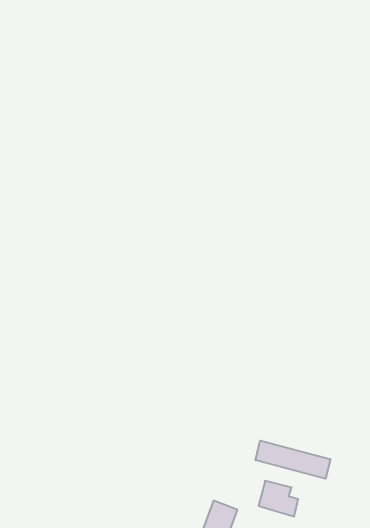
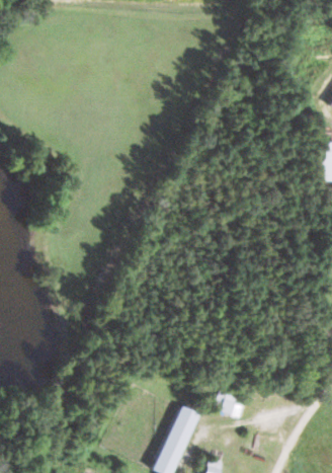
building: [255,441,330,479] -> none

